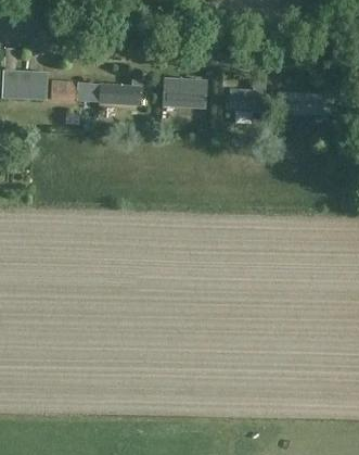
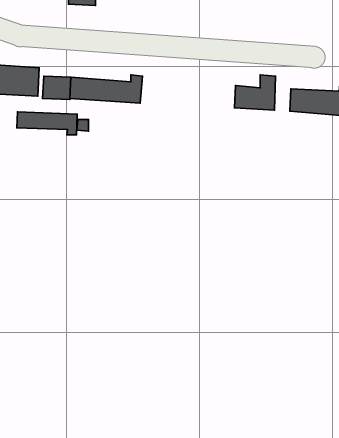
building: [162,77,208,110] -> none
building: none -> [17,112,77,135]

